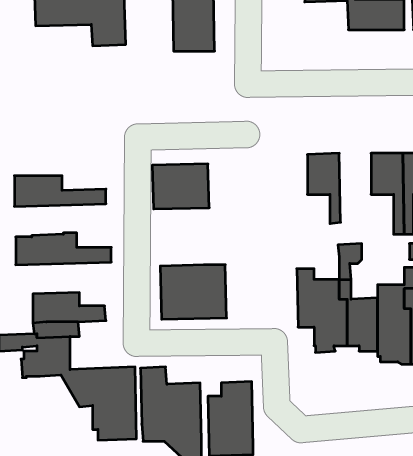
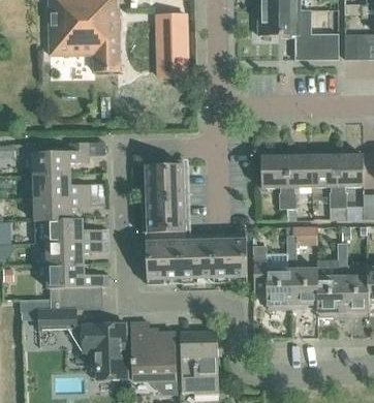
building: none -> [32,141,105,172]
building: none -> [286,154,311,218]
building: none -> [33,193,104,219]
building: none -> [142,196,186,242]
building: none -> [34,239,108,264]
building: none -> [197,239,248,282]

